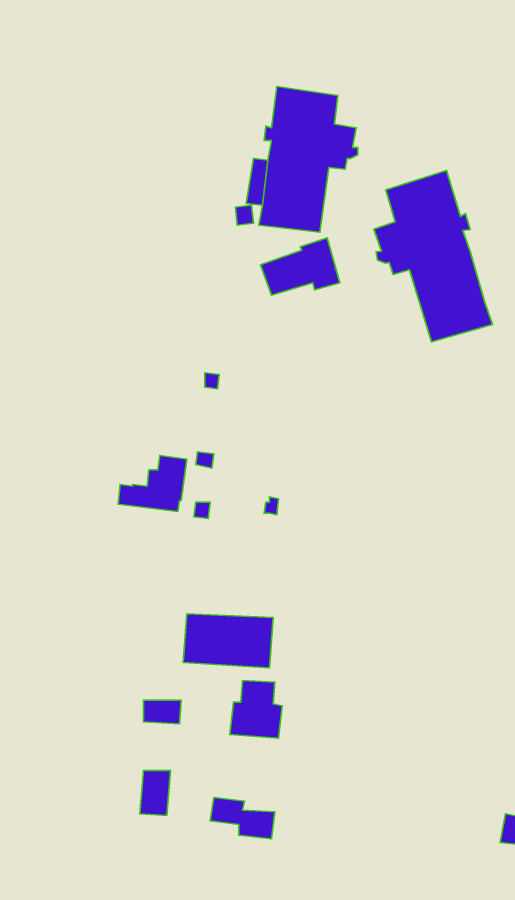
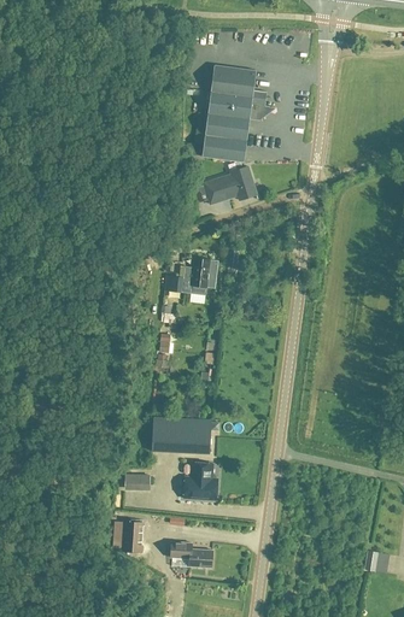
building: [374,170,492,342] -> none
building: [118,456,187,511] -> [165,257,211,294]

